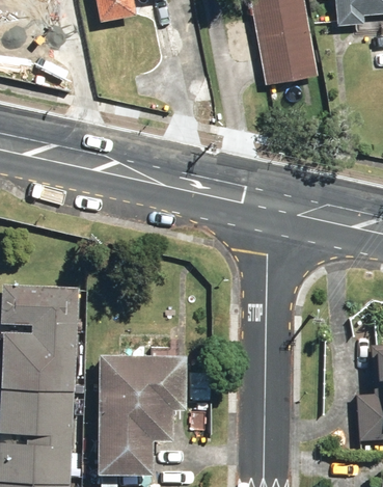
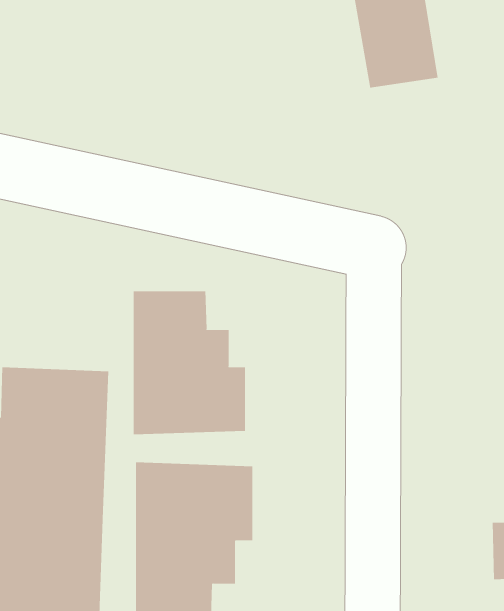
building: none -> [133,291,245,435]

